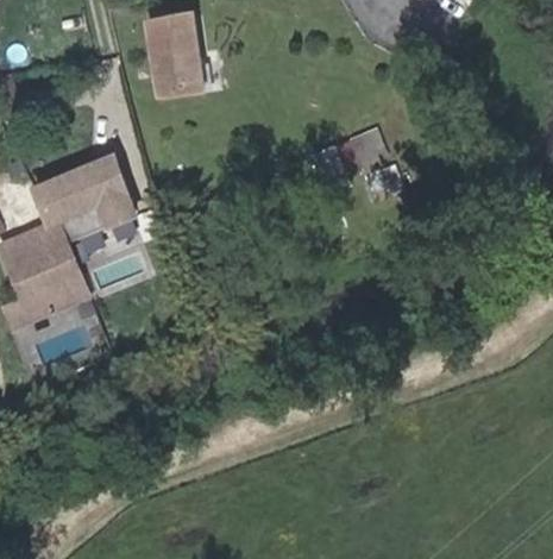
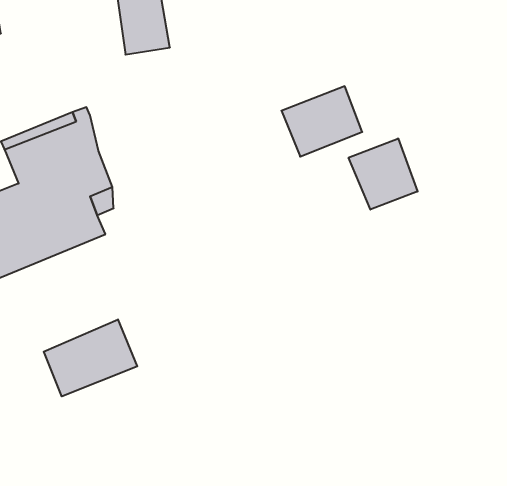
building: none -> [349,138,418,210]
building: none -> [44,319,137,396]

